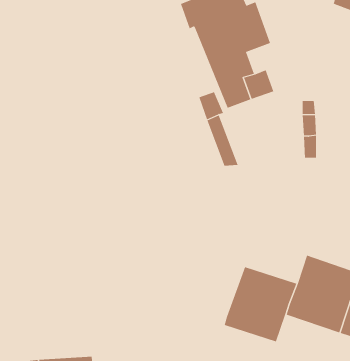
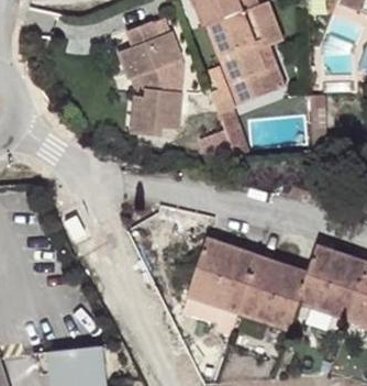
building: none -> [116,22,179,135]
building: none -> [185,238,255,311]

